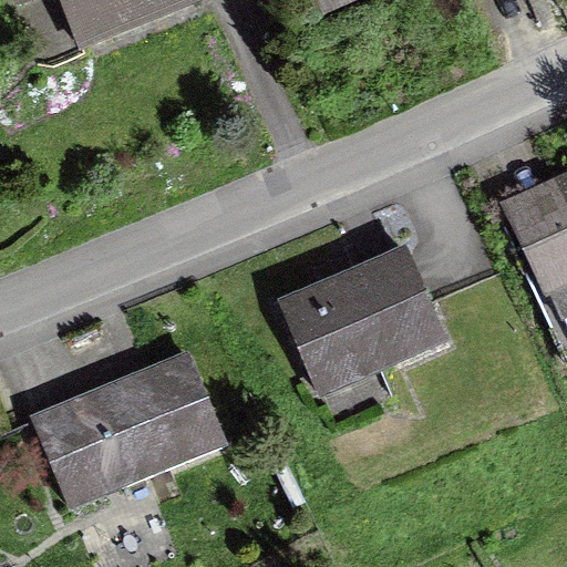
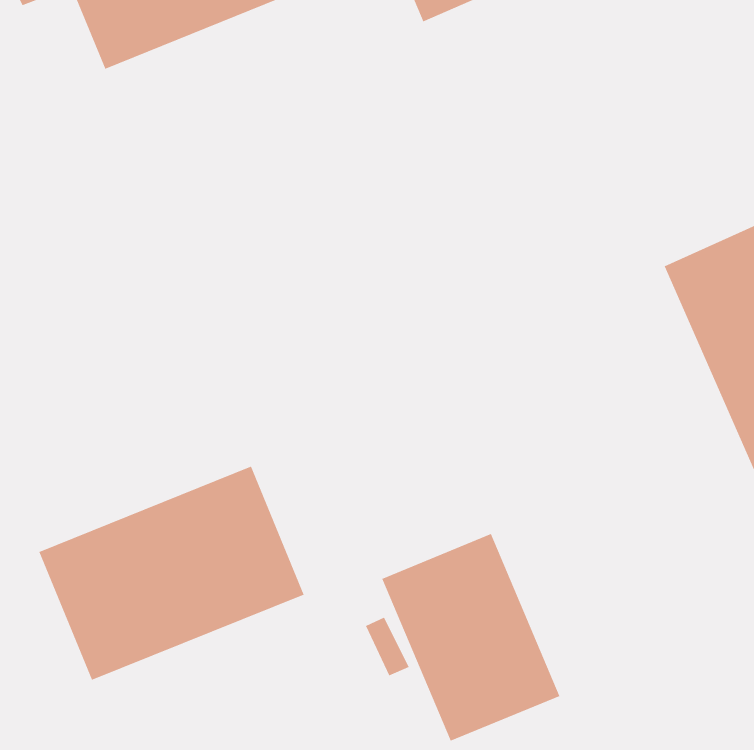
building: [277,244,449,396] -> none
building: none -> [382,533,560,742]

